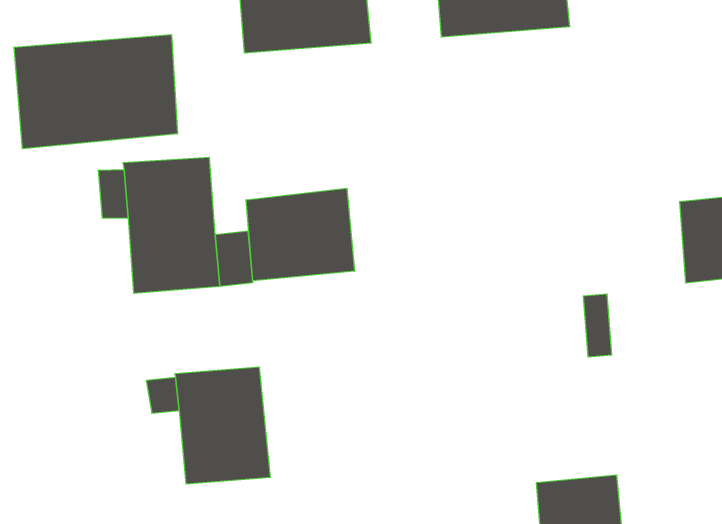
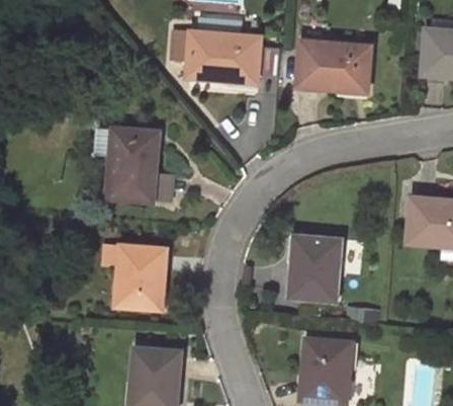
building: [14,35,178,149] -> none
building: [246,188,355,281] -> none
building: none -> [289,236,341,302]

